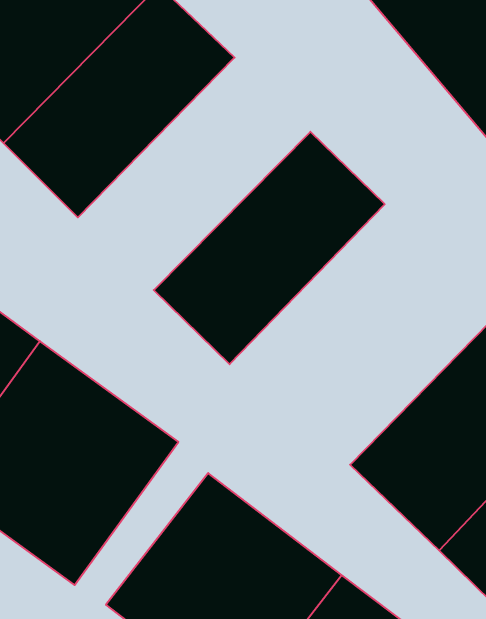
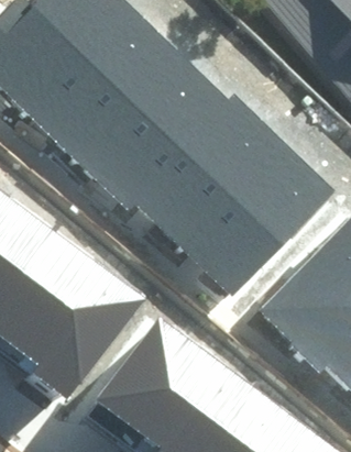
building: none -> [75,44,230,199]
building: none -> [176,142,330,297]

